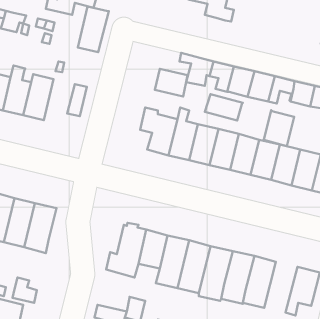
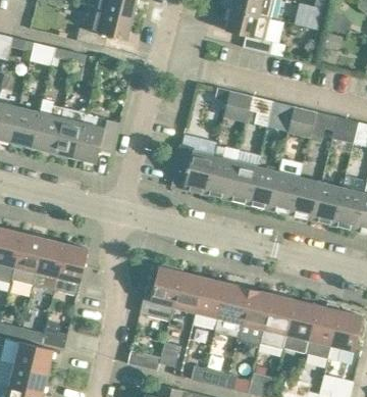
building: [78,6,109,52] -> [74,114,107,162]
building: [155,69,188,97] -> none
building: [205,94,243,121] -> none
building: [264,110,294,146] -> none
building: none -> [305,303,339,358]

